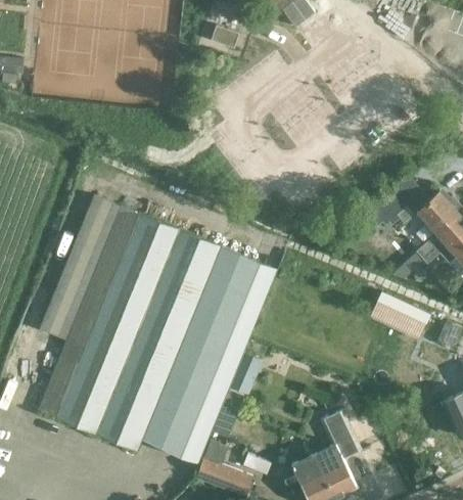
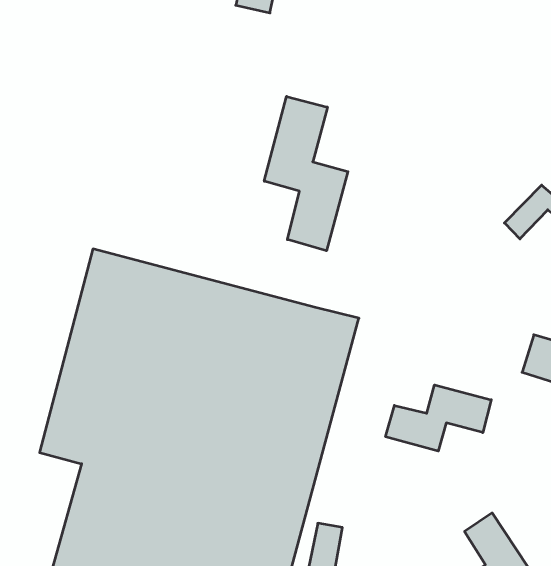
building: none -> [264,96,348,251]
building: none -> [386,385,491,451]

